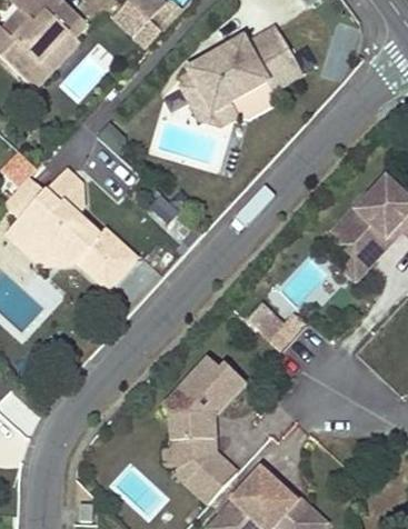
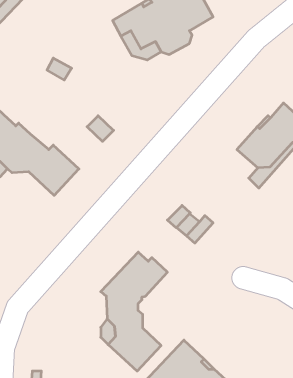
building: [46,169,83,214] -> none

